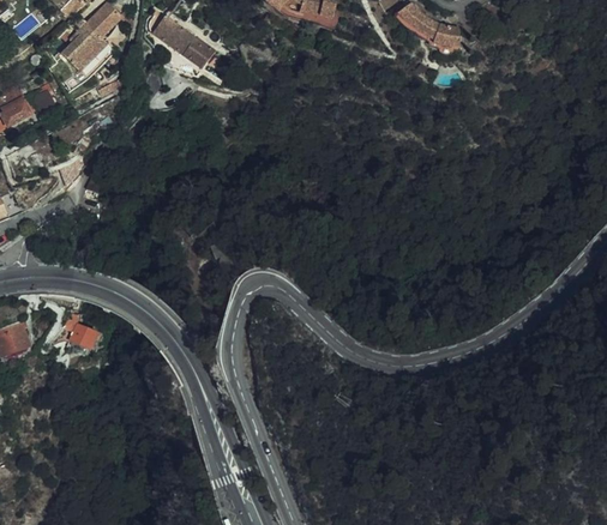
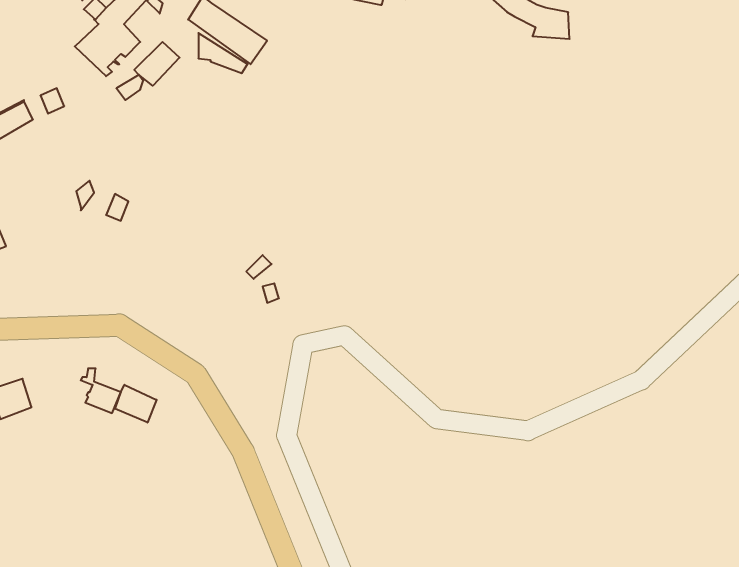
building: none -> [134,42,180,86]
building: none -> [115,385,157,423]

